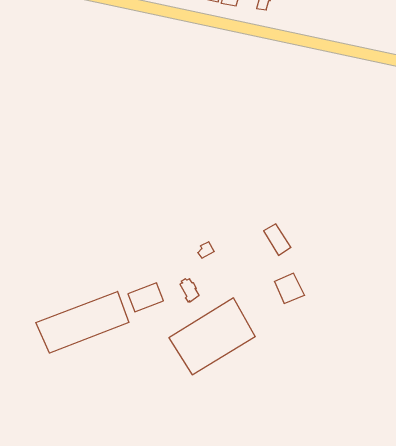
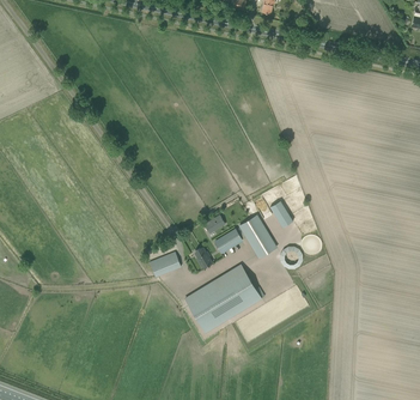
building: none -> [214,216,276,257]
building: [36,291,129,353] -> none

